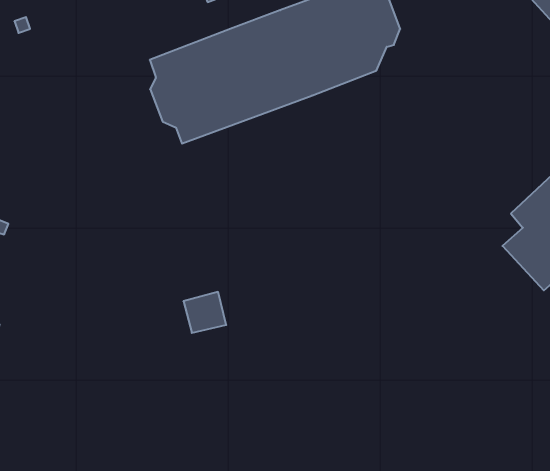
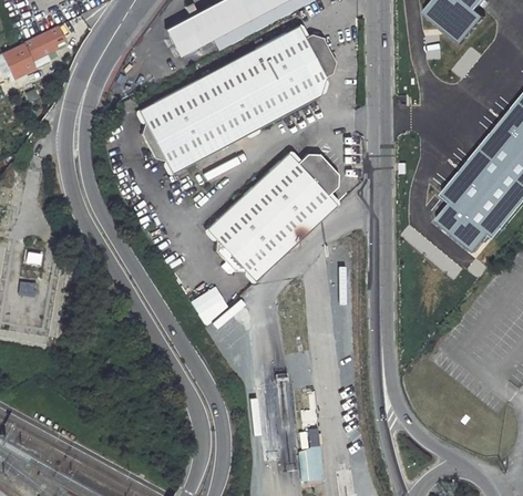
building: none -> [207,151,338,280]

